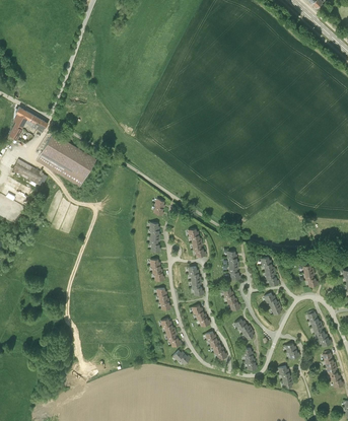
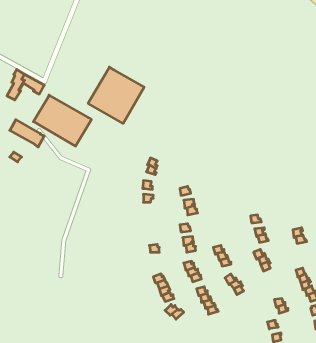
building: none -> [88,67,144,123]

